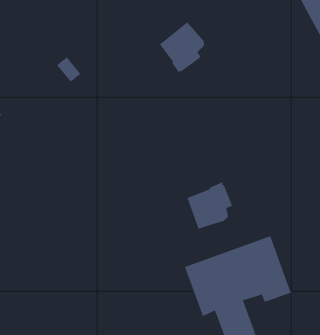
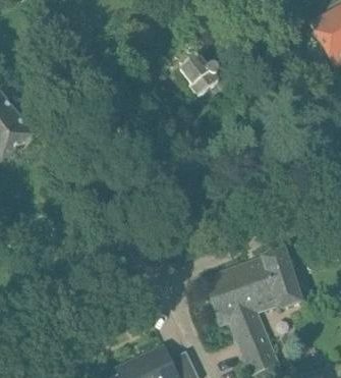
building: [187,182,232,229] -> none

